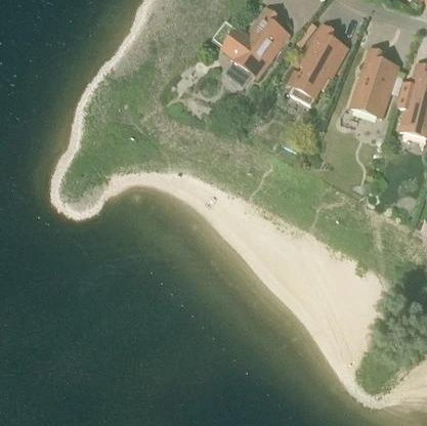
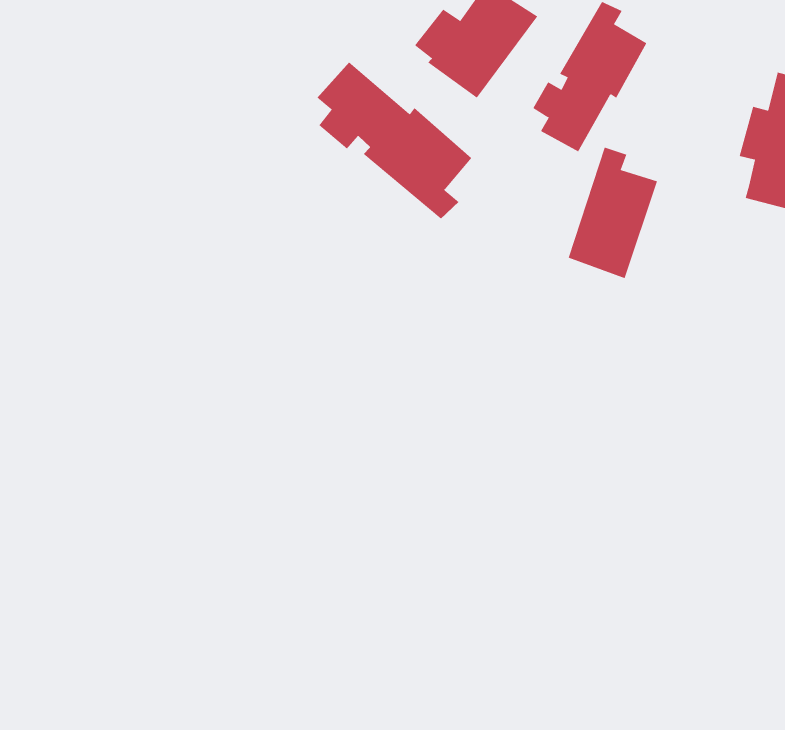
building: [351,47,399,118] -> [568,147,658,279]
building: none -> [317,62,472,219]

